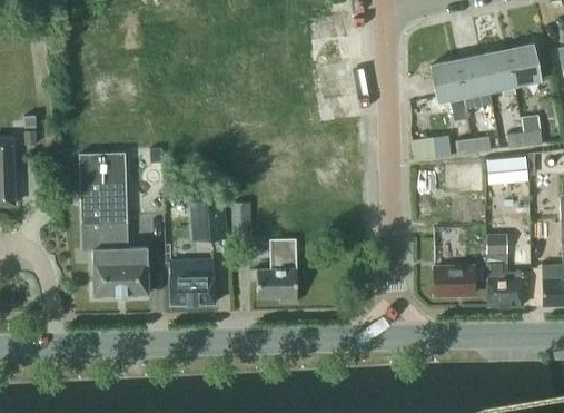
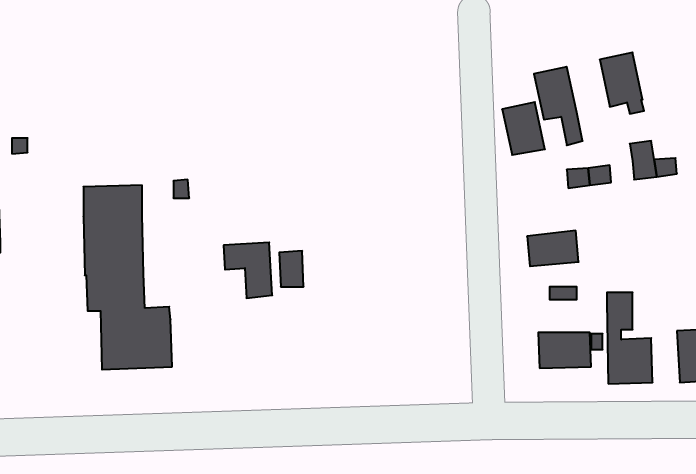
building: [507,45,541,86] -> none
building: [456,55,489,96] -> [502,102,545,155]
building: [487,156,527,184] -> [527,231,579,266]
building: [257,242,298,303] -> none
building: [170,262,216,305] -> none

